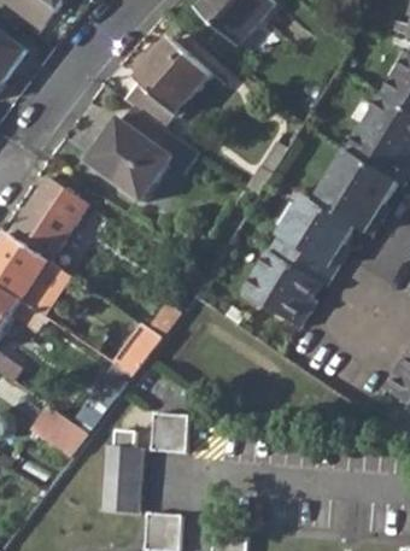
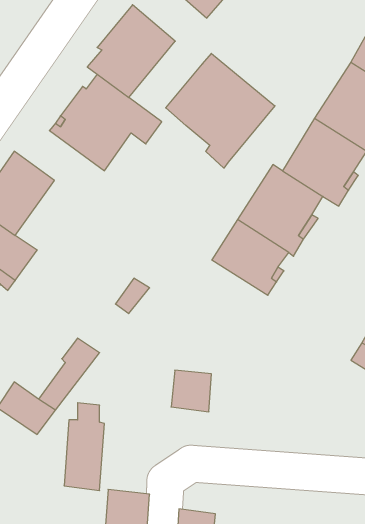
building: none -> [166,53,275,168]
building: [111,323,162,377] -> none
building: [148,411,188,452] -> [171,370,211,412]

